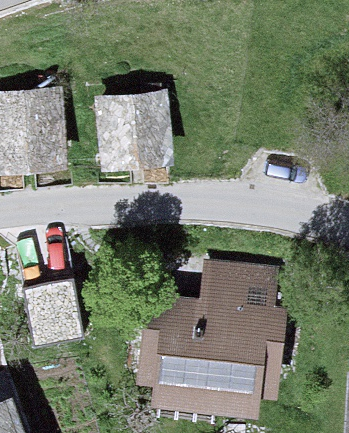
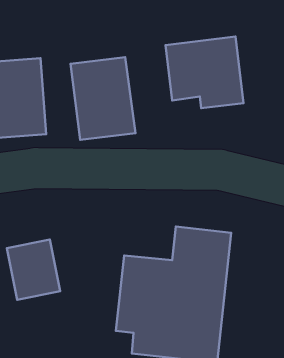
building: none -> [165,37,244,108]

